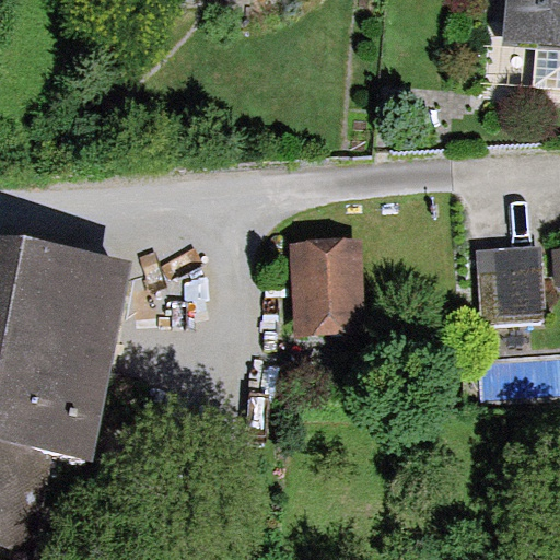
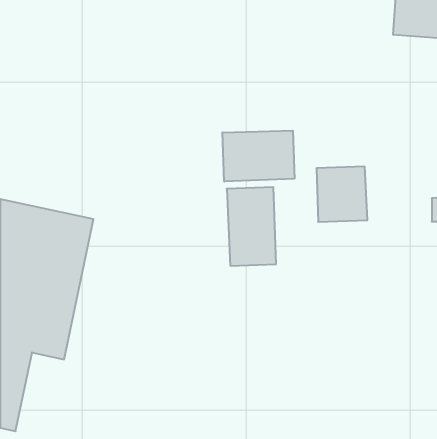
building: none -> [222,131,294,182]
building: [477,246,541,316] -> [316,167,367,222]

